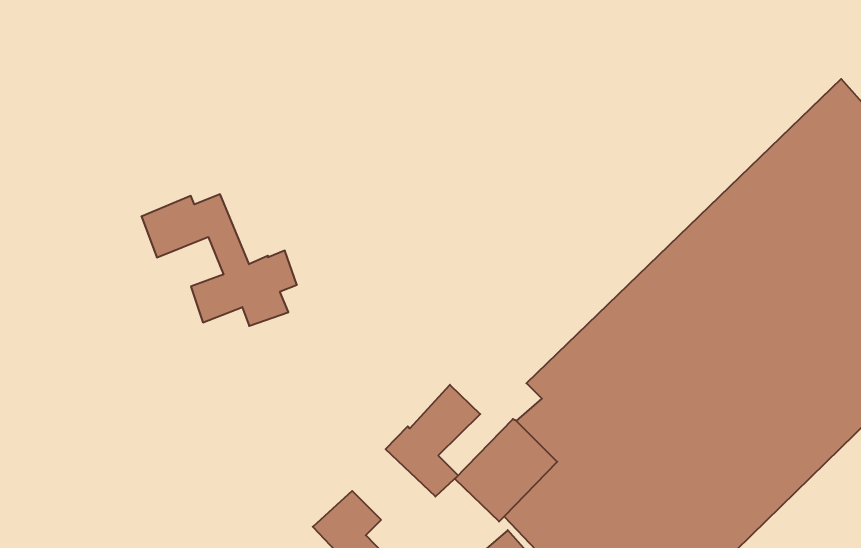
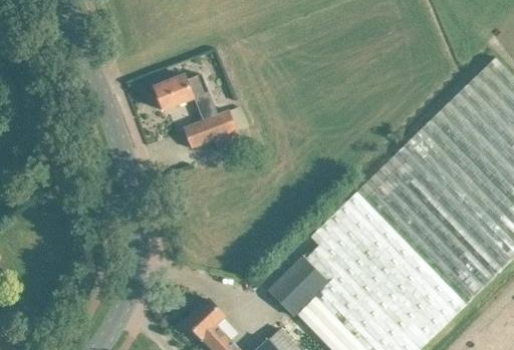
building: [141,194,297,326] -> [156,72,247,149]
building: [386,385,480,497] -> none

